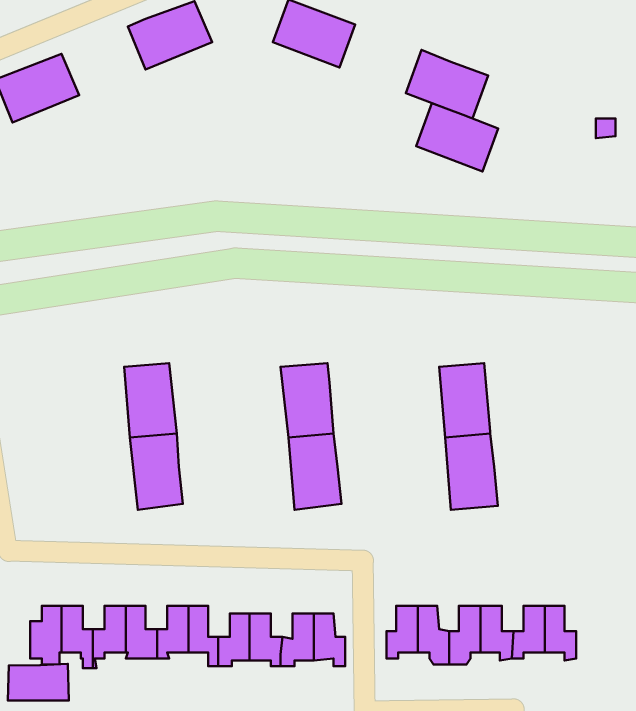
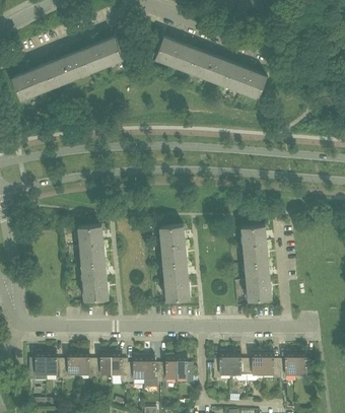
building: none -> [45,51,88,86]
building: [416,103,498,172] -> [189,50,231,85]
building: [8,664,69,701] -> none

